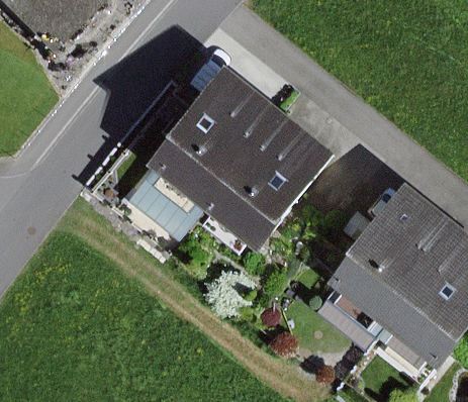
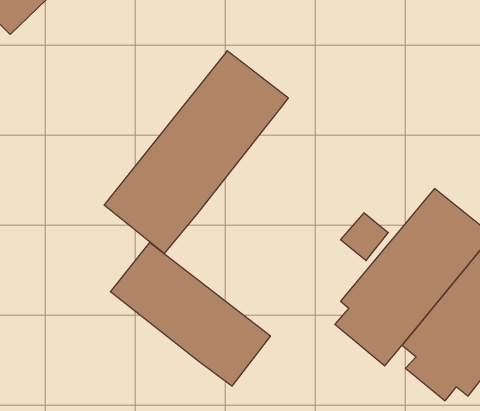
building: [202,105,339,250] -> none
building: none -> [110,242,270,386]

